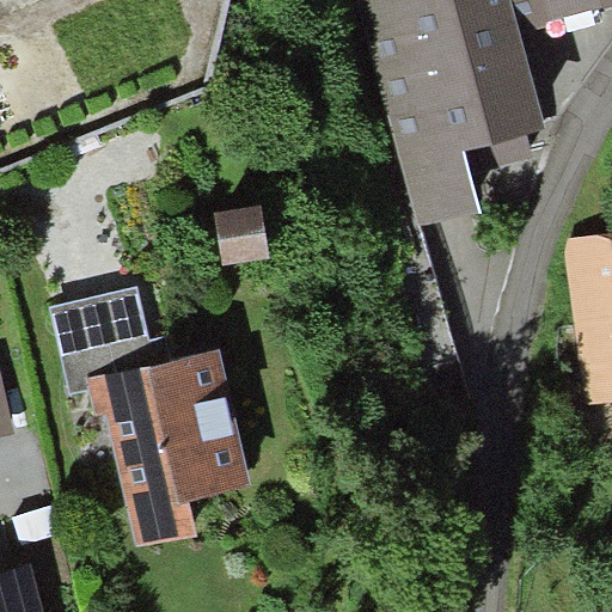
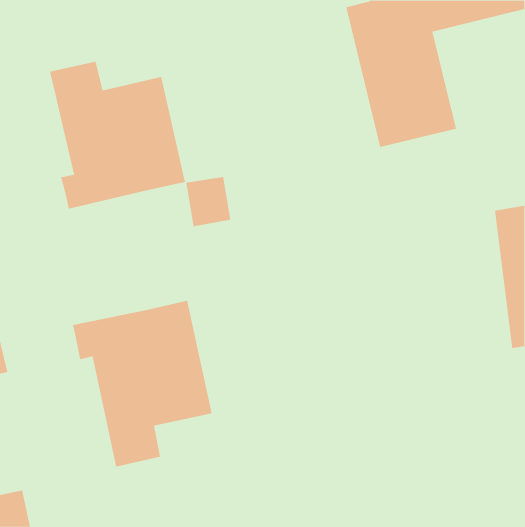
building: none -> [50,61,186,210]
building: [47,286,171,397] -> none

